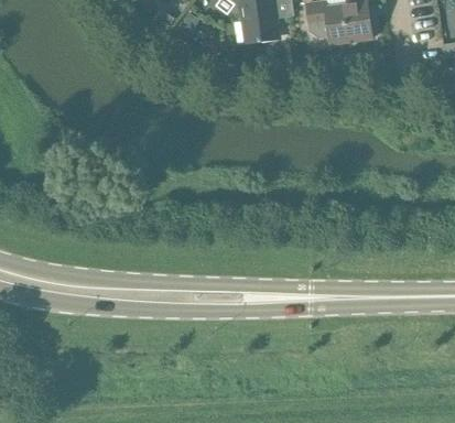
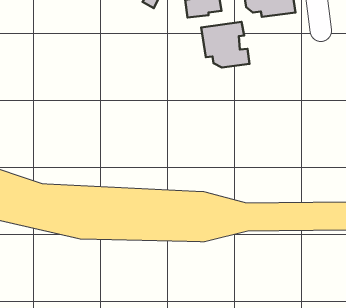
building: none -> [201,22,249,68]

